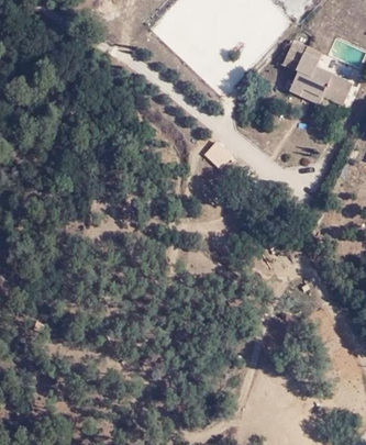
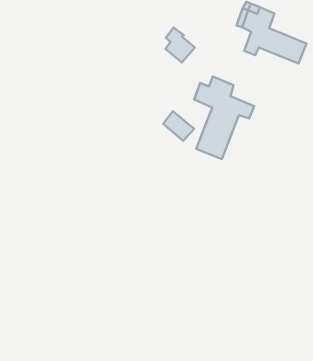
building: none -> [194,76,254,159]

